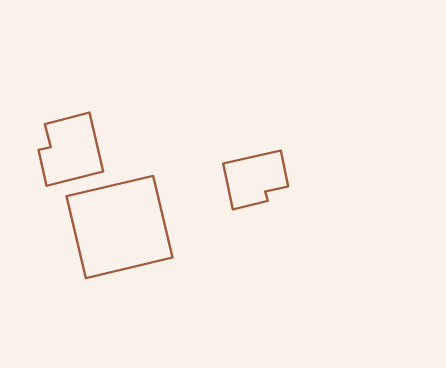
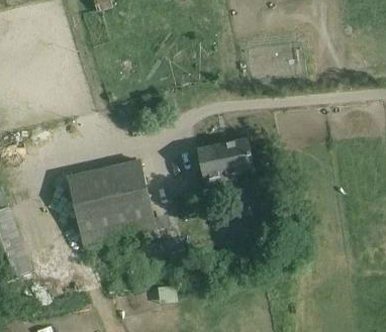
building: [39,112,103,186] -> none

